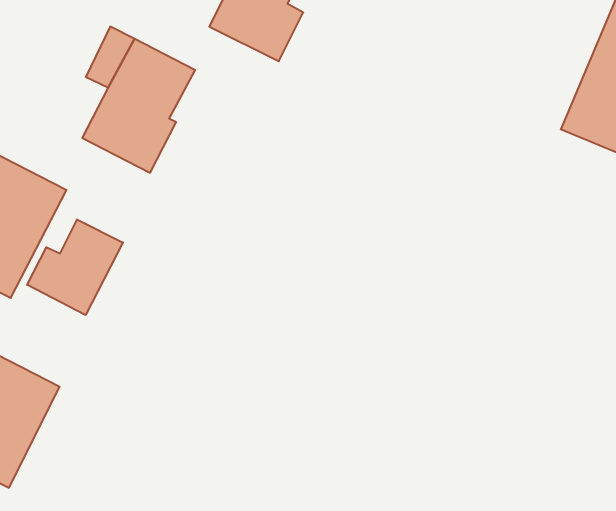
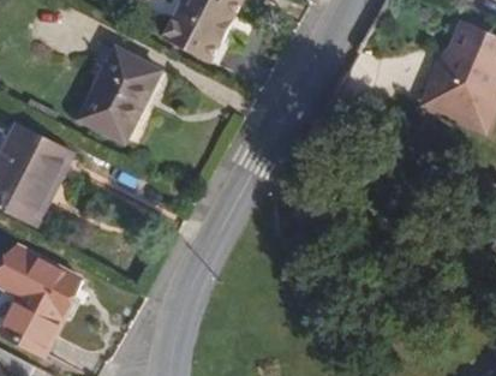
building: [27,219,123,315] -> none

